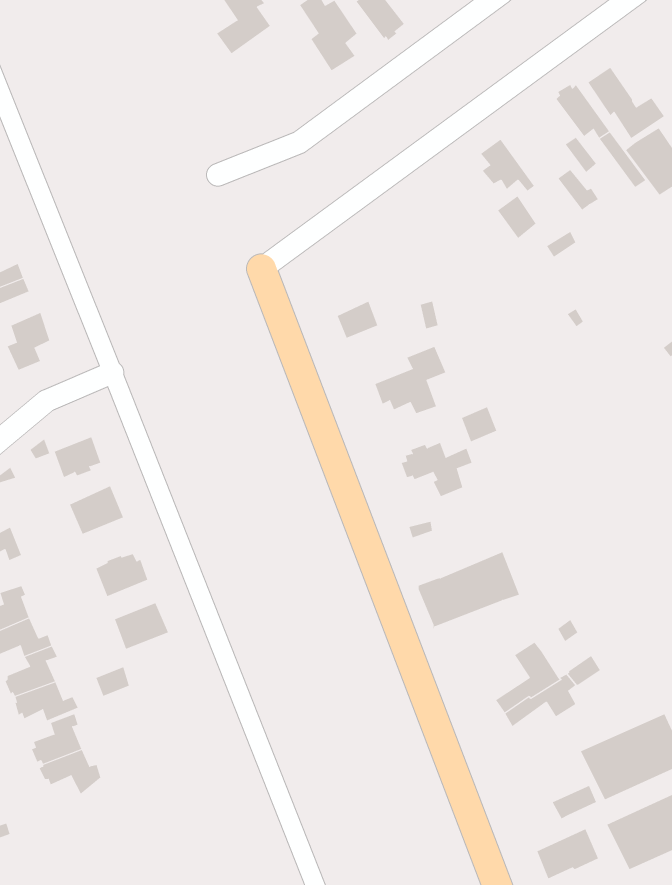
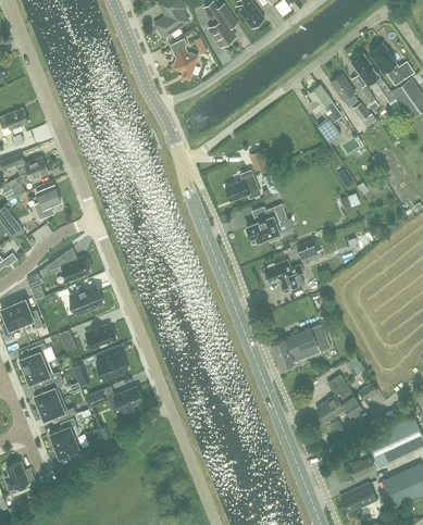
building: none -> [169,38,197,79]
building: none -> [328,74,357,107]
building: none -> [113,387,141,415]

